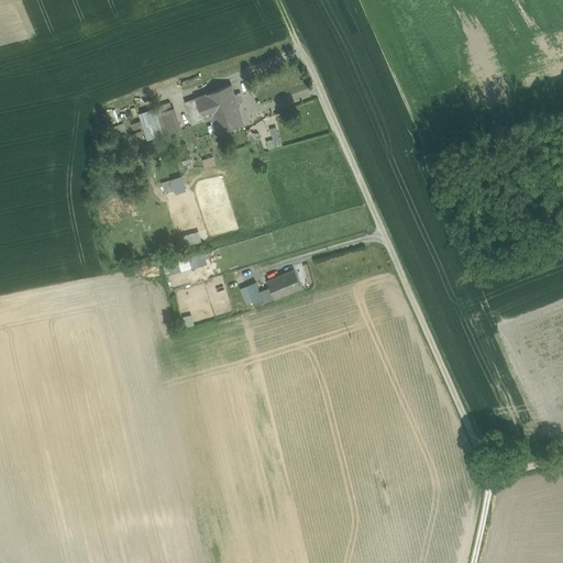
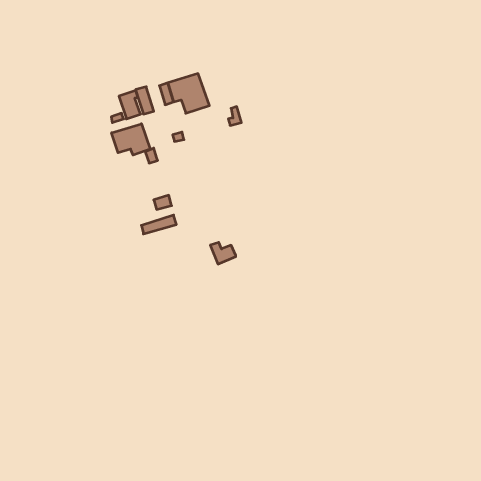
building: none -> [112,124,150,155]
building: [268,269,302,298] -> none

